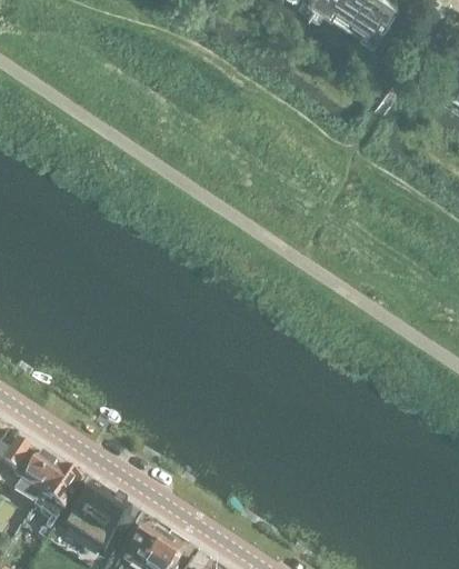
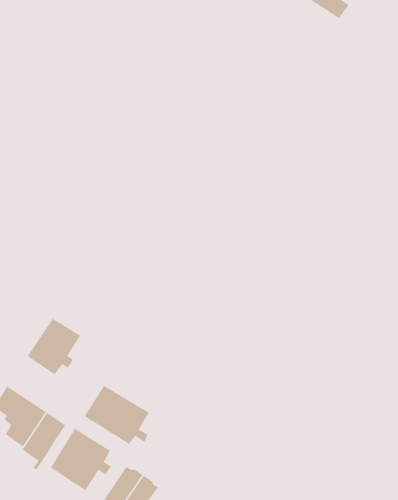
building: none -> [27,318,81,375]
building: none -> [84,385,150,445]

